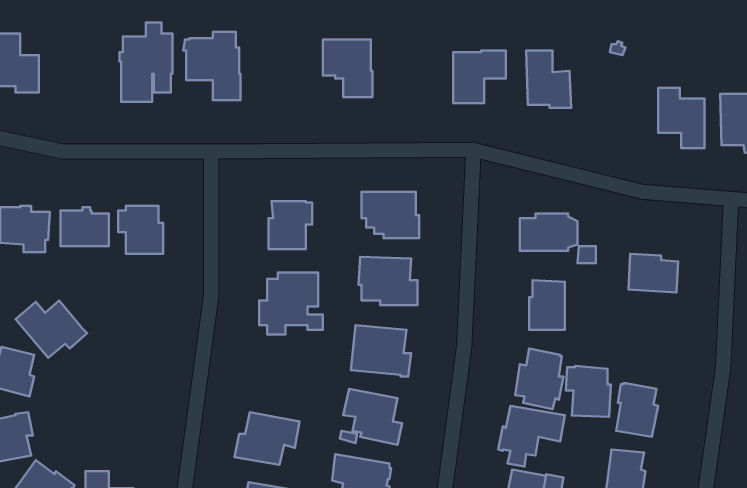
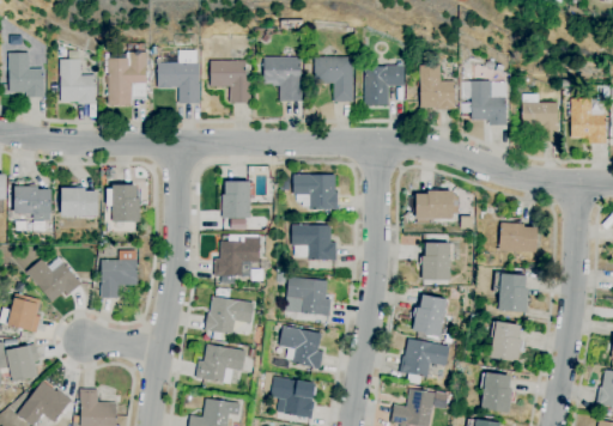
building: none -> [314,56,353,102]
building: none -> [60,59,96,104]
building: none -> [210,59,251,103]
building: none -> [461,79,506,126]
building: none -> [101,249,139,298]
building: none -> [205,296,254,334]
building: [566,366,611,417] -> [493,273,528,312]

